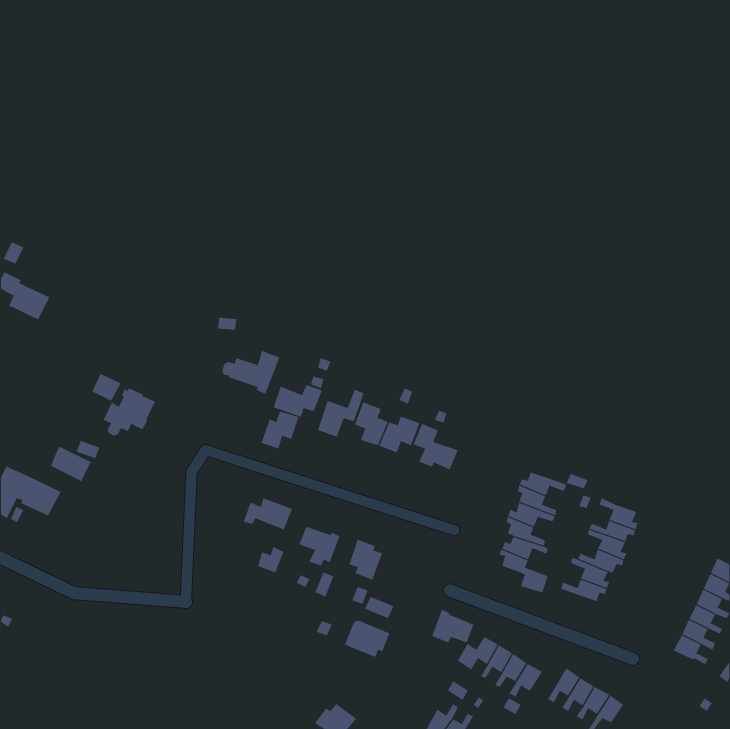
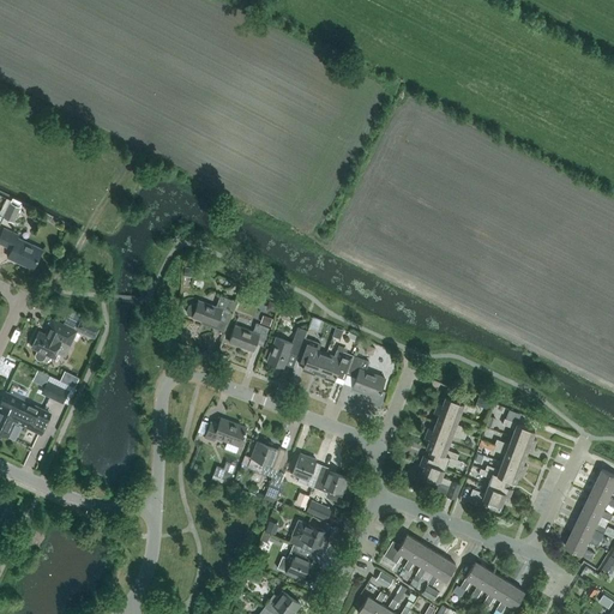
building: [103,387,156,436] -> [31,320,76,361]
building: [261,411,299,449] -> none
building: [431,609,474,643] -> [313,465,349,494]
building: none -> [277,544,315,580]

